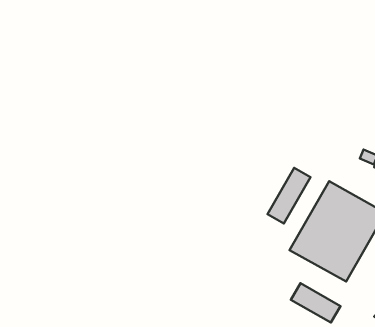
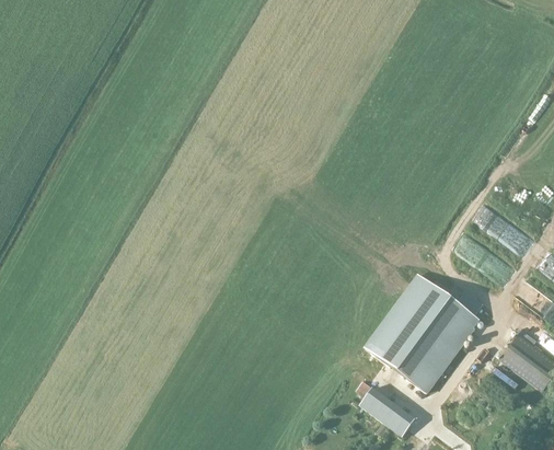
building: [268,168,310,224] -> none

